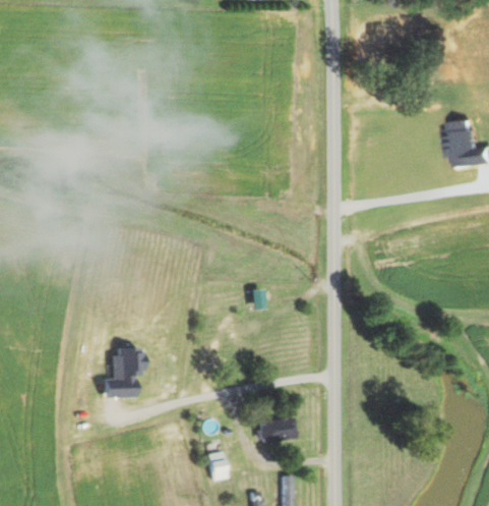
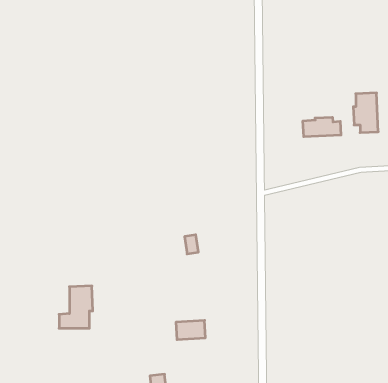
building: none -> [303,117,341,137]
building: [260,418,295,441] -> [176,320,205,340]

